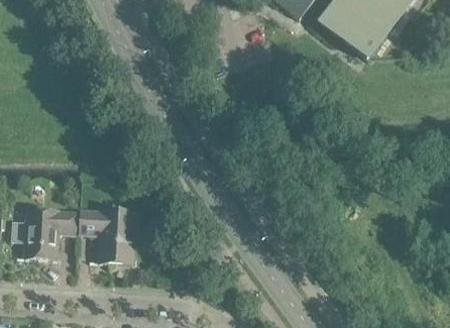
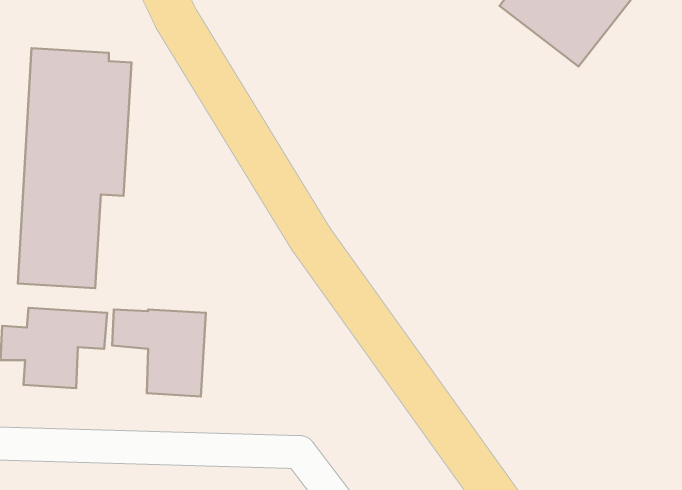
building: none -> [18,48,132,288]

